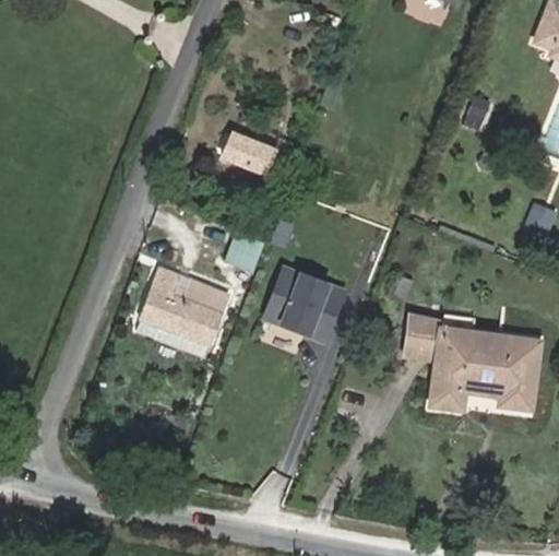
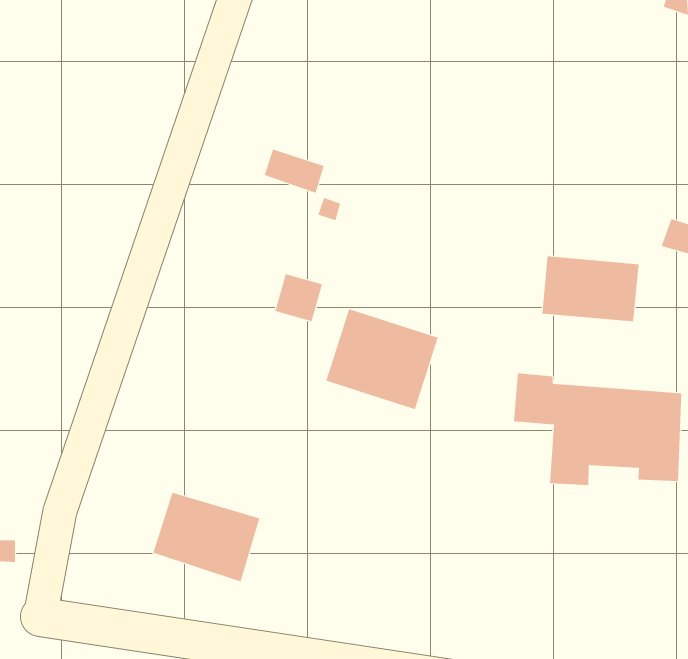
building: none -> [542,256,639,322]
building: [142,271,226,343] -> [153,492,260,582]

